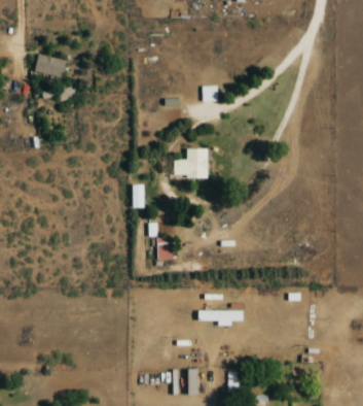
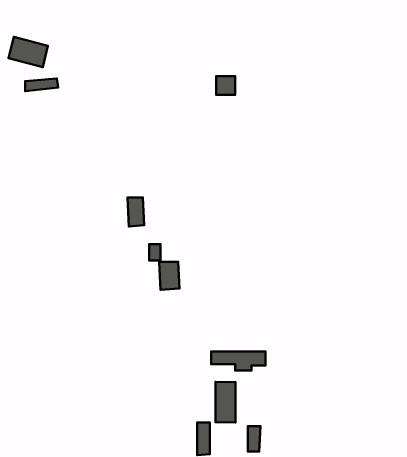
building: [173,149,208,178] -> none
building: none -> [216,382,235,423]

